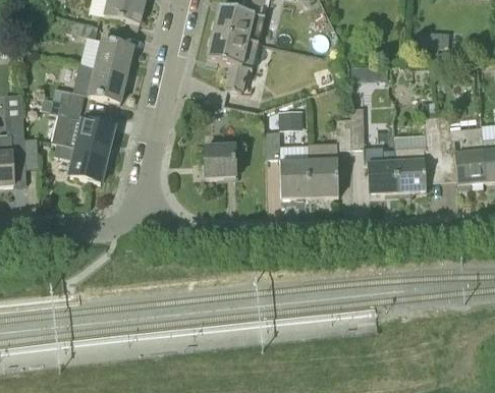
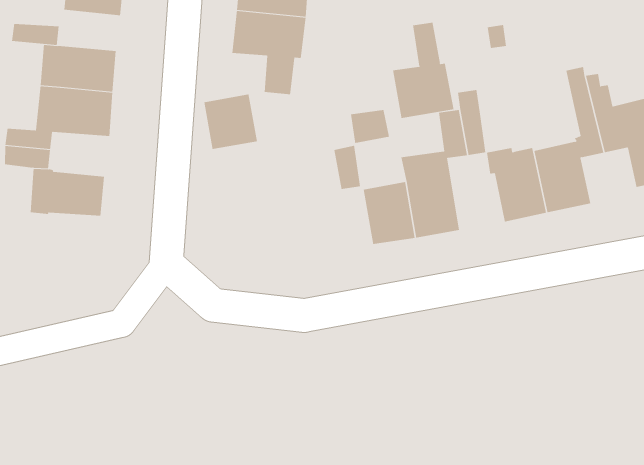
building: none -> [393,22,454,119]
building: [54,141,108,181] -> none
building: [205,145,236,177] -> [203,94,258,150]

